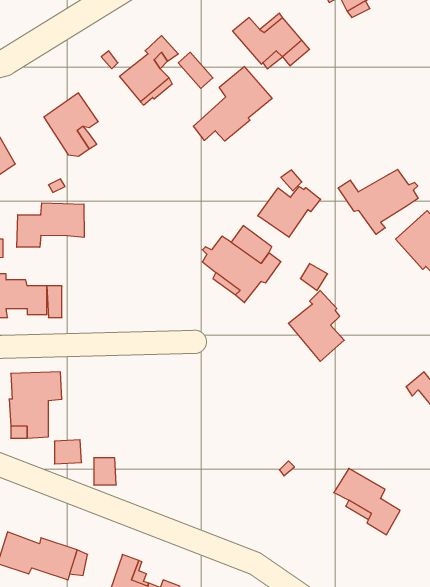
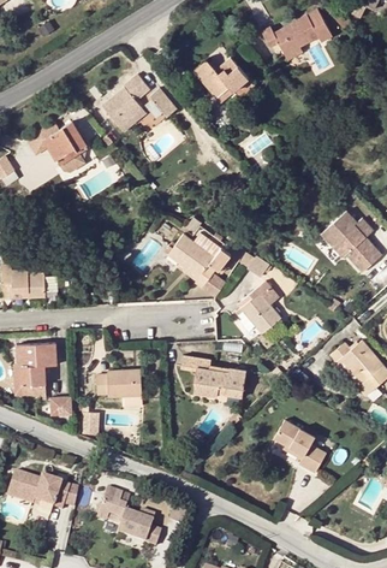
building: [193,66,272,141] -> none
building: [338,169,418,234] -> none
building: [258,187,321,237] -> none
building: [17,203,84,247] -> none
building: none -> [181,355,246,397]
building: none -> [96,368,142,396]

